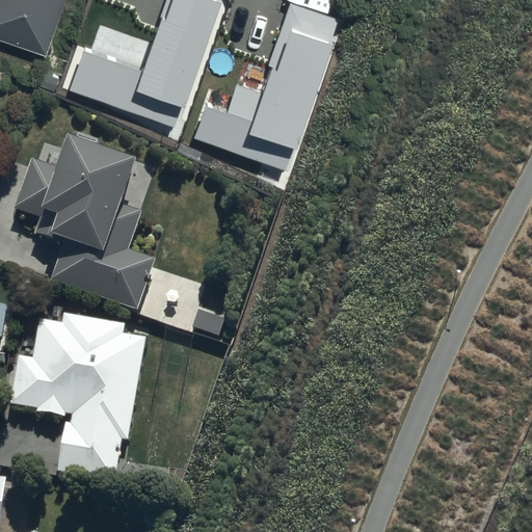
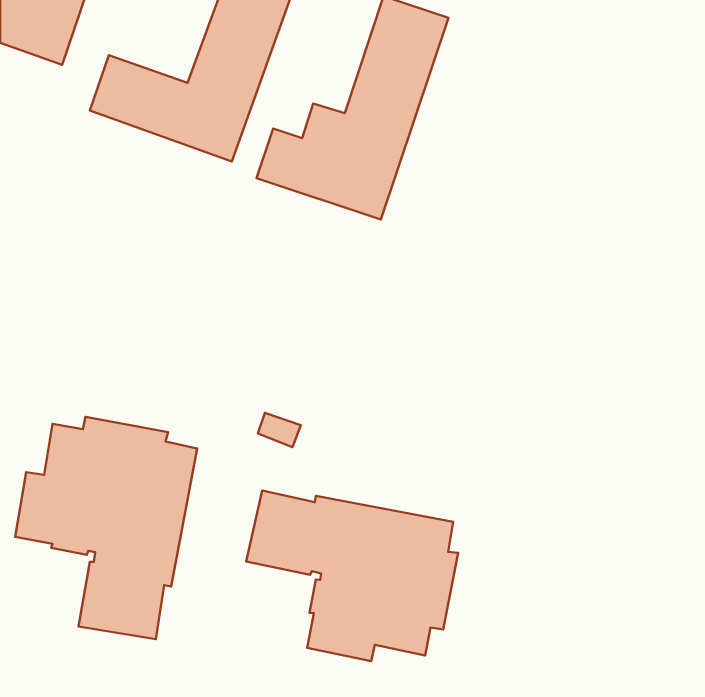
building: [15,138,157,312] -> none
building: none -> [246,490,458,661]

